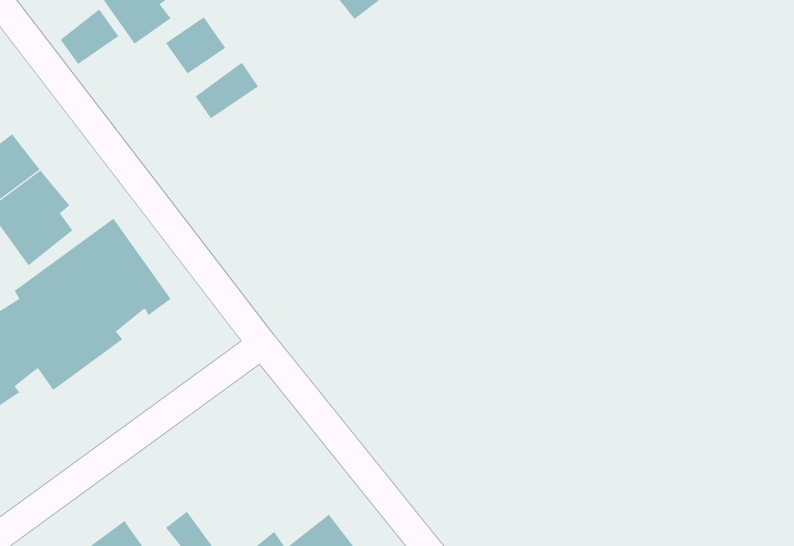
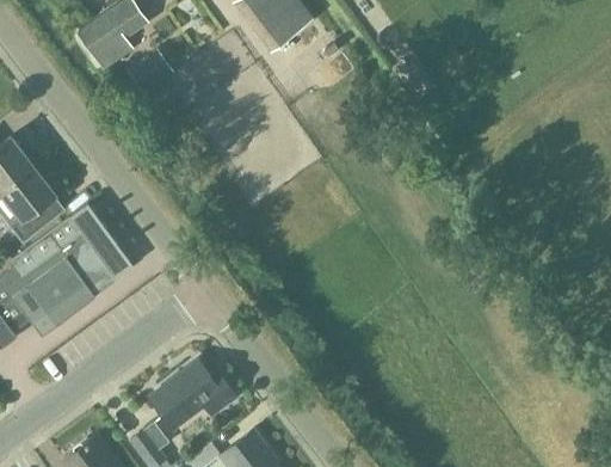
building: [60,9,119,65] -> none
building: [195,62,259,119] -> none
building: none -> [150,361,235,428]

